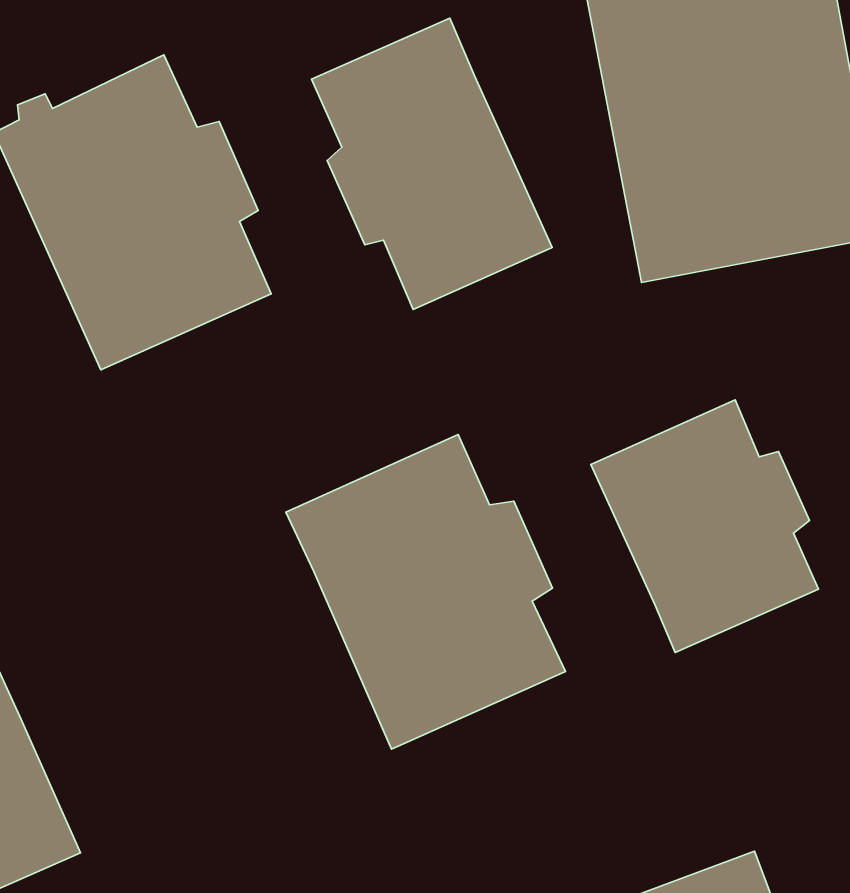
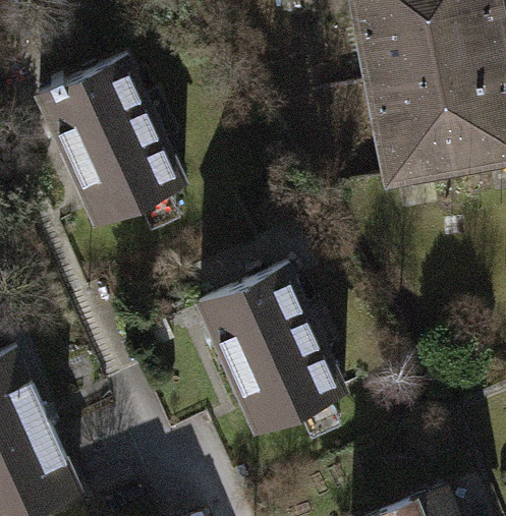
building: [312,18,552,309] -> none
building: [591,400,819,652] -> none

